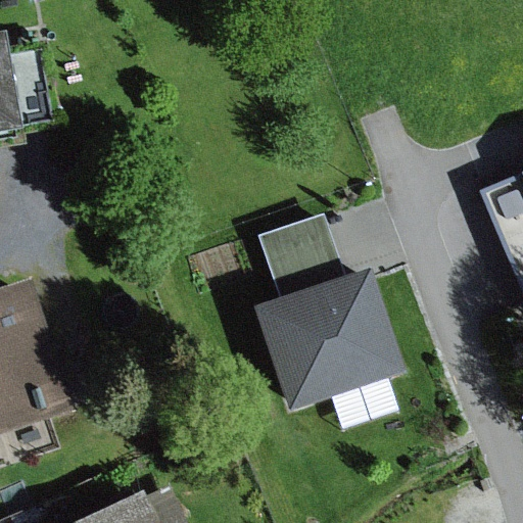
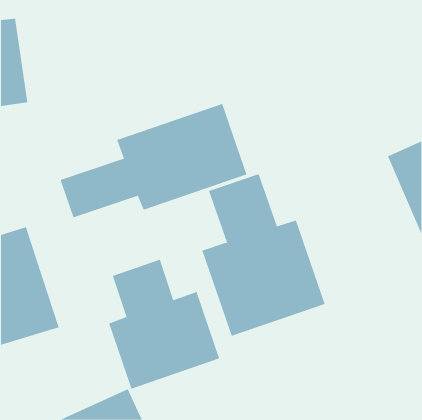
building: none -> [60,103,247,218]
building: none -> [108,259,220,390]

